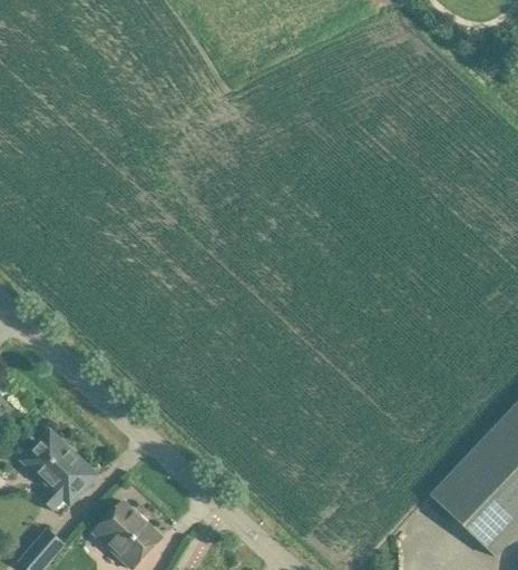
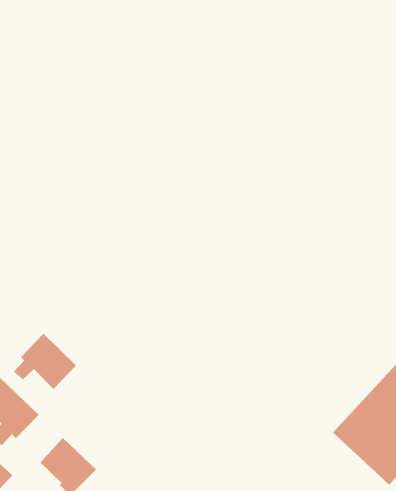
building: none -> [13,333,77,390]

